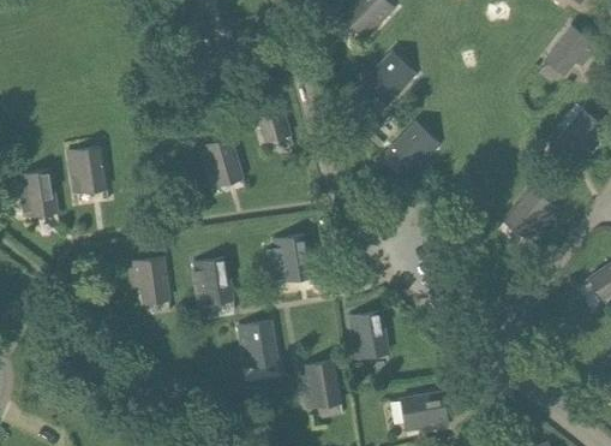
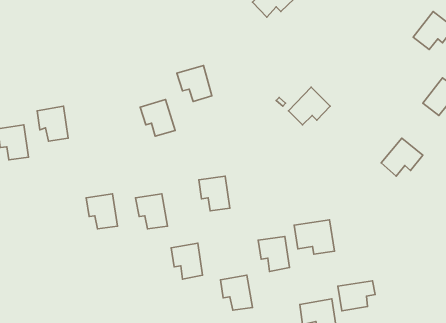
building: [363,52,417,100] -> none
building: none -> [294,220,334,254]
building: none -> [338,281,375,311]

